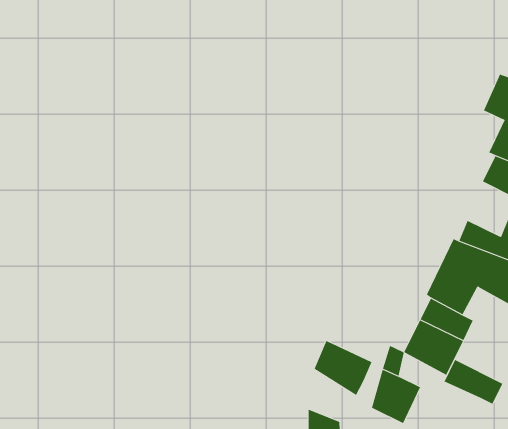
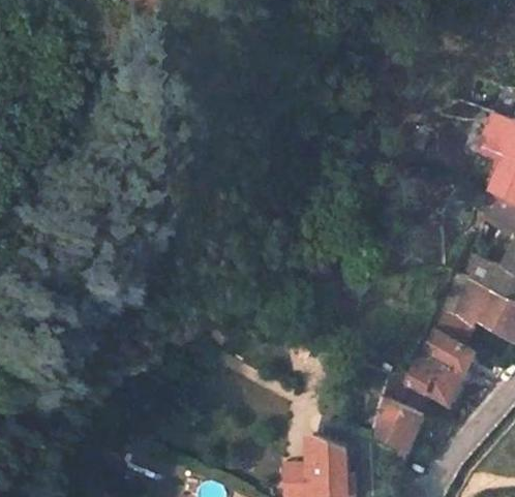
building: [314,340,372,396] -> none
building: [444,359,503,404] -> none

